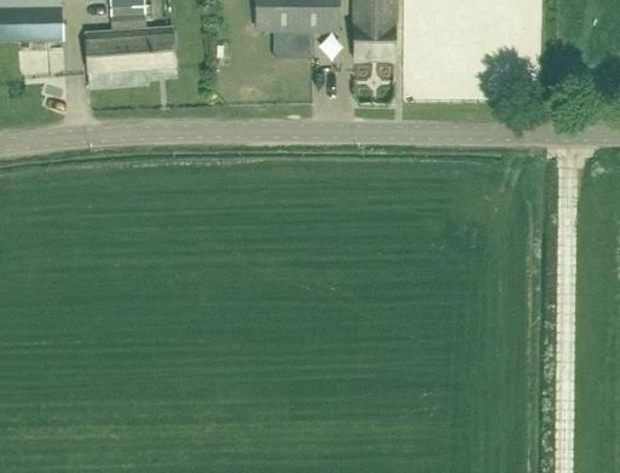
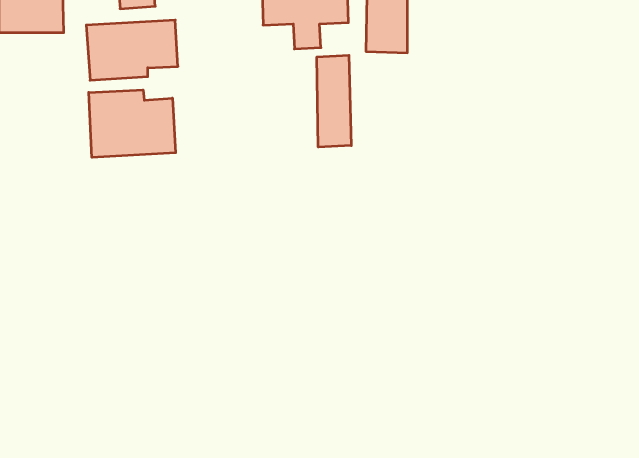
building: none -> [317,55,351,147]
building: none -> [89,90,176,157]

